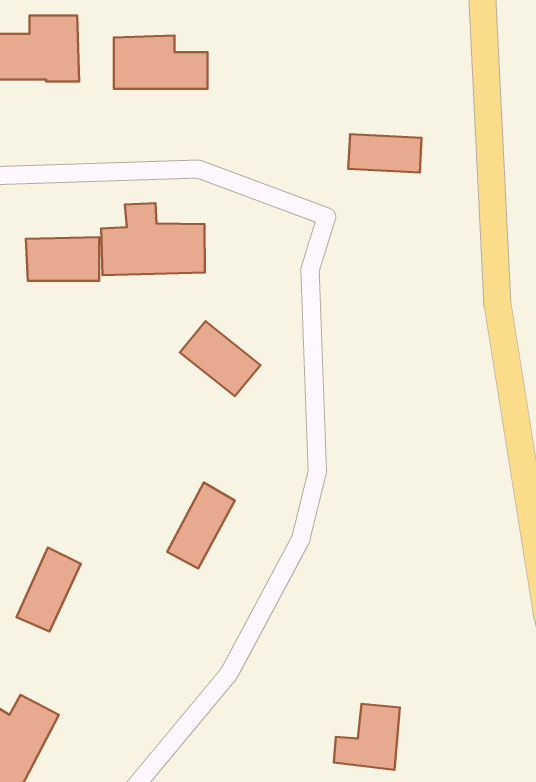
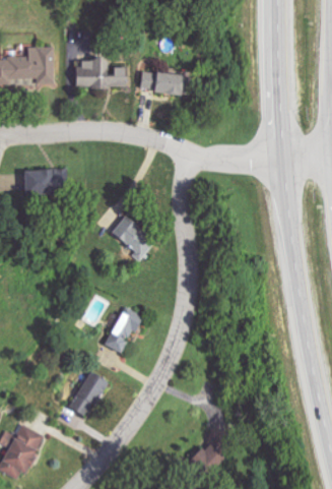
building: [348,134,422,173] -> [140,72,181,94]
building: [101,203,205,275] -> none
building: [17,547,81,632] -> [70,371,106,418]

